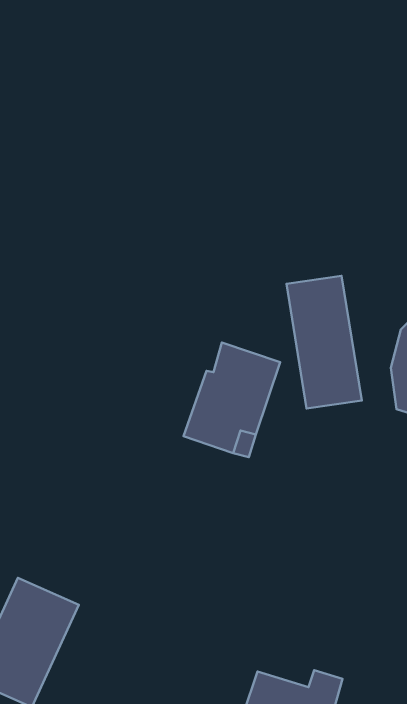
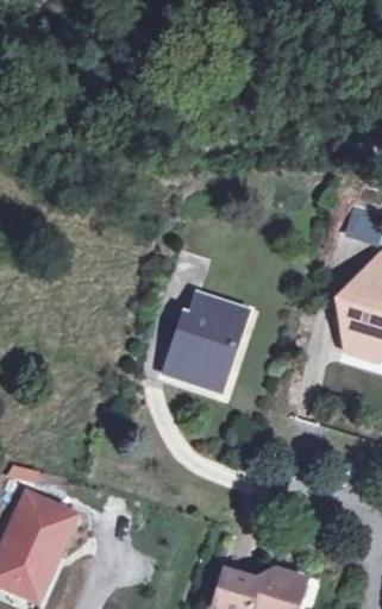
building: [286,276,362,408] -> none

